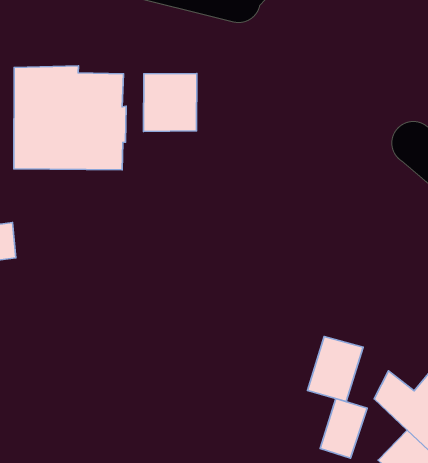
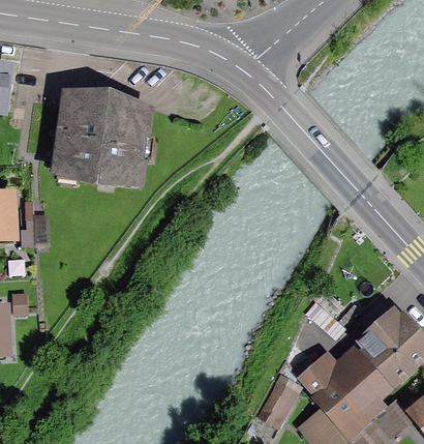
building: [143,73,197,131] -> none
building: [308,336,363,401] -> none

